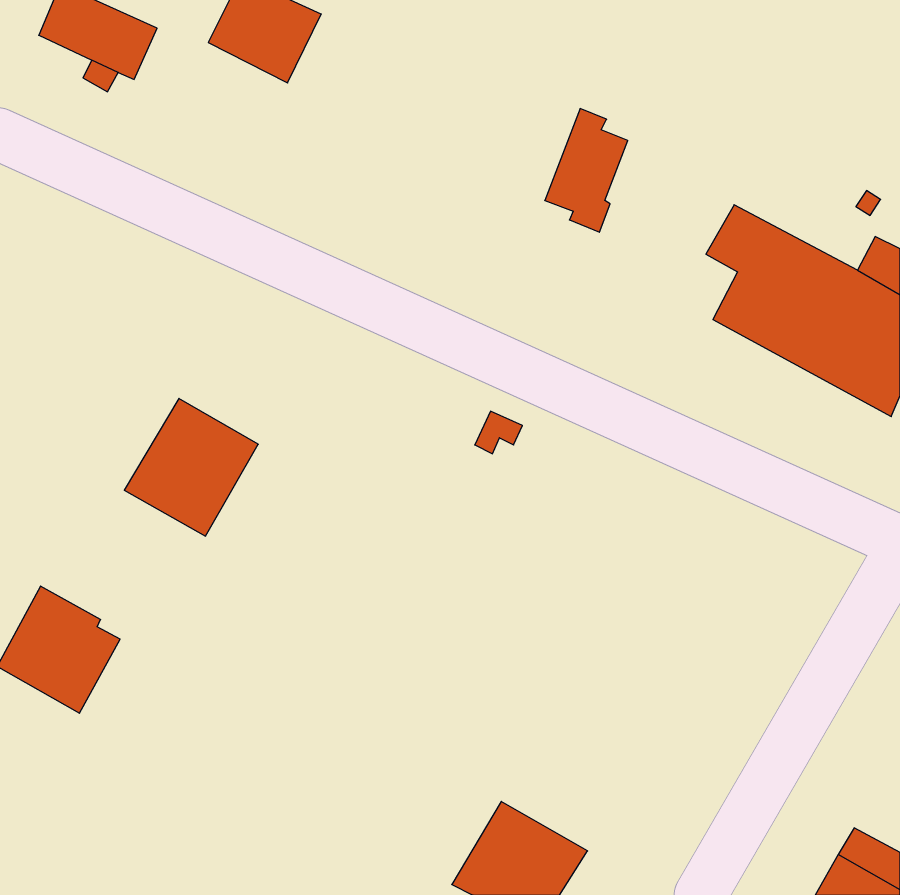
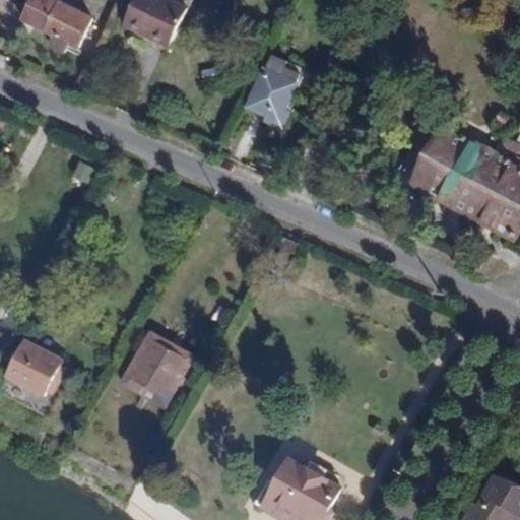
building: [545,109,628,232] -> [251,55,299,126]
building: [124,398,258,536] -> [118,329,195,408]

